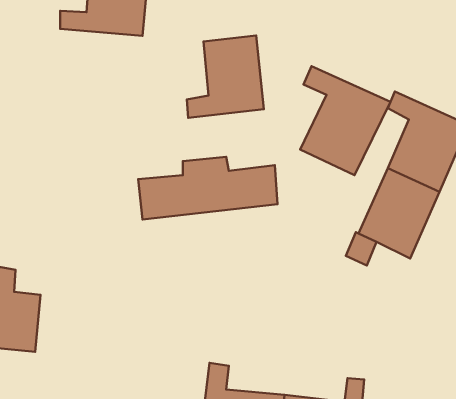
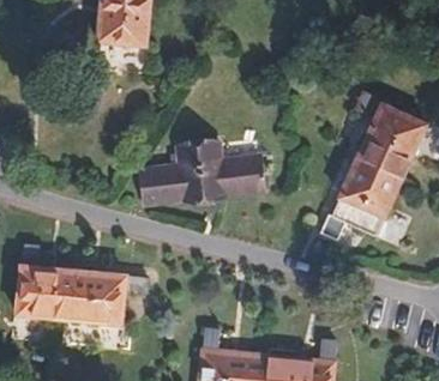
building: [187,35,264,118] -> none
building: [300,66,391,175] -> none
building: none -> [54,268,126,323]

